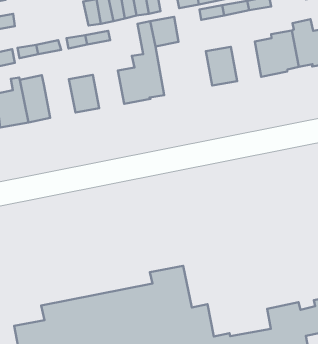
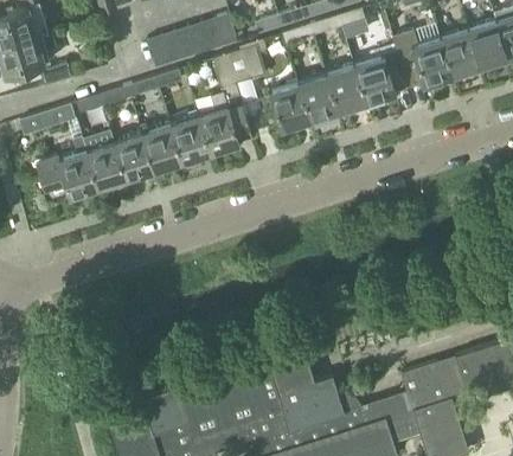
building: none -> [323,64,363,113]
building: none -> [267,82,307,130]
building: none -> [167,116,207,168]
building: none -> [111,133,152,180]

